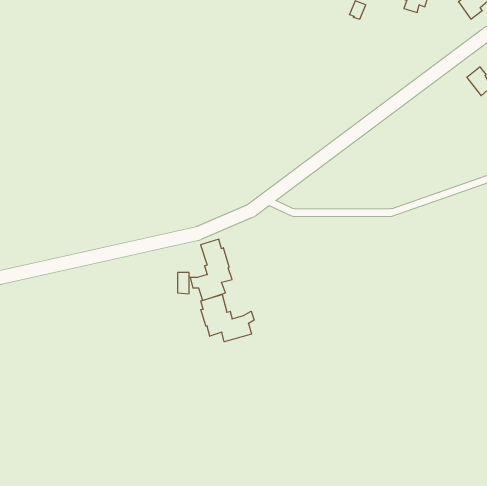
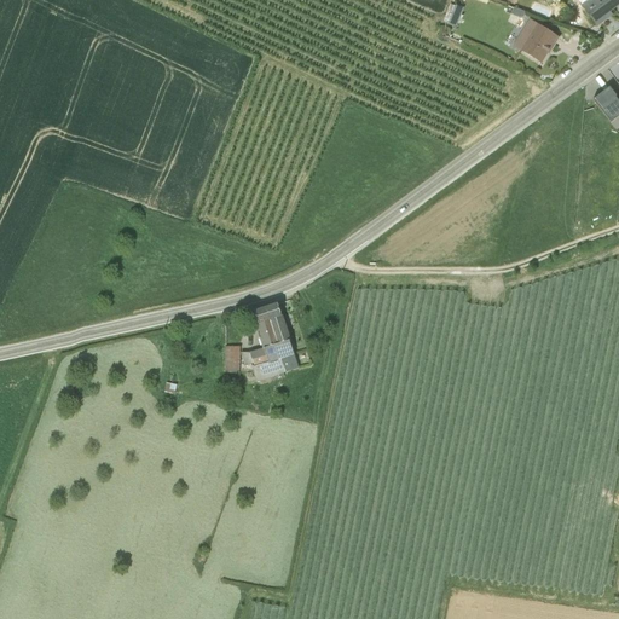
building: none -> [514,18,559,62]
building: [201,295,254,342] -> none

